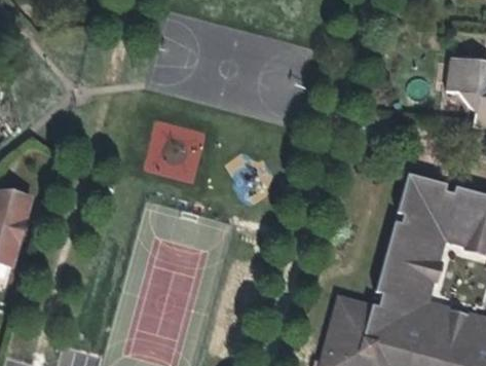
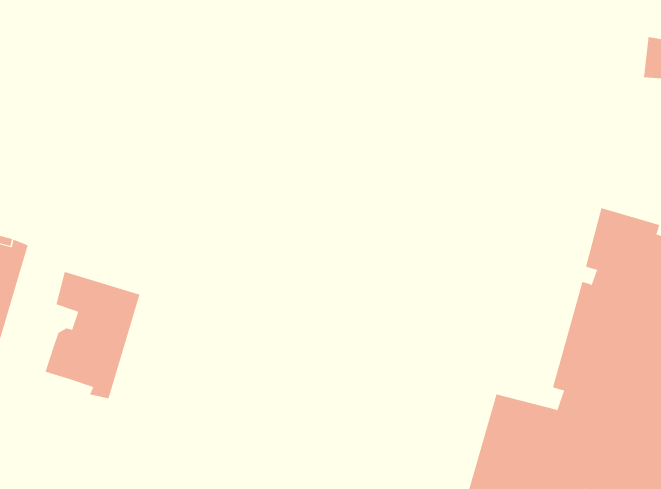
building: none -> [45,271,140,399]

